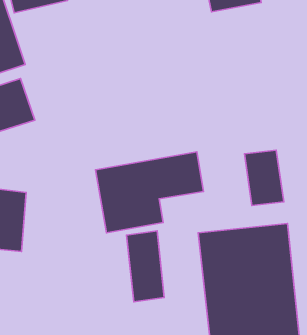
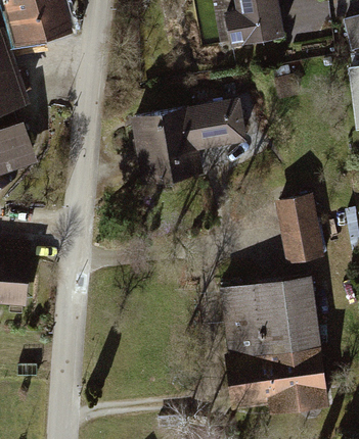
building: [95,152,203,233] -> [129,98,246,186]
building: [127,231,164,302] -> none

